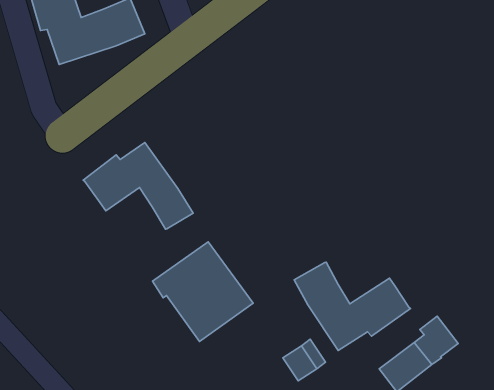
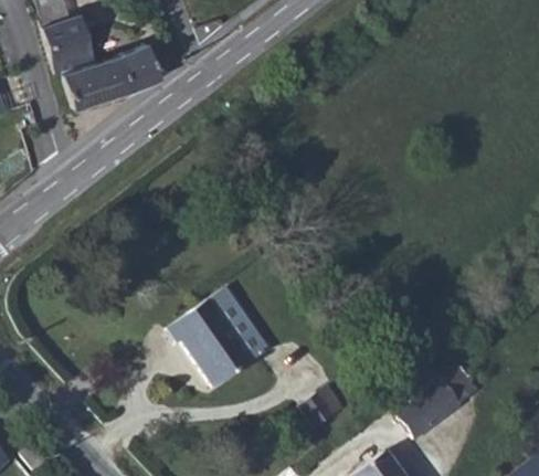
building: [83,142,193,229] -> none
building: [294,262,410,351] -> none

